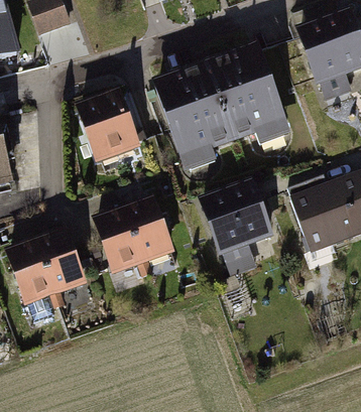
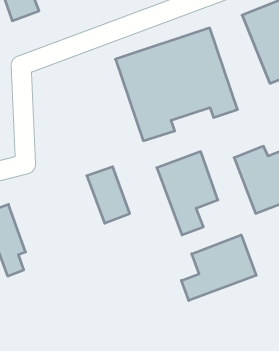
building: [77,85,143,159] -> none
building: [94,208,142,271] -> none
building: [34,230,82,293] -> none
building: none -> [181,235,256,301]

